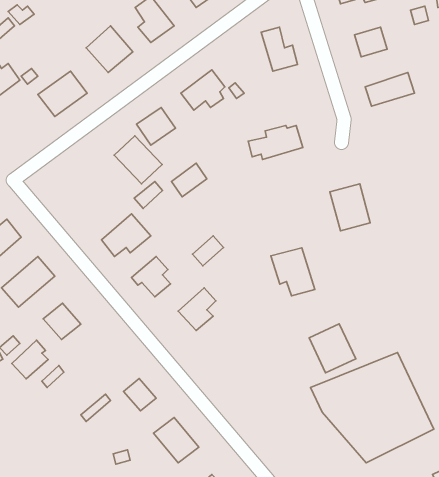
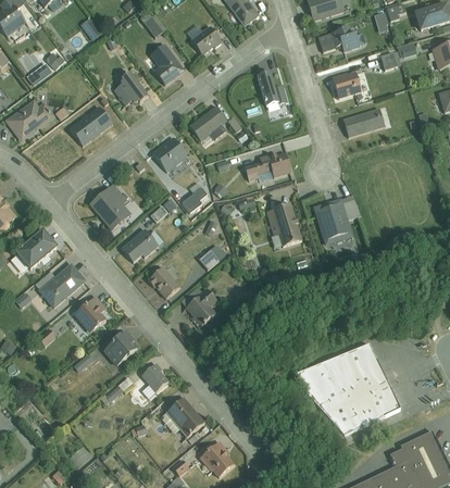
building: [114,136,162,184] -> [91,187,132,227]
building: [271,248,315,296] -> [265,204,302,245]
building: [309,324,356,373] -> none
building: [12,340,48,379] -> [104,333,135,365]

